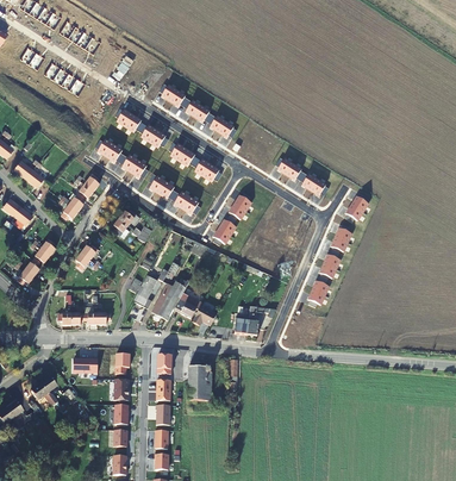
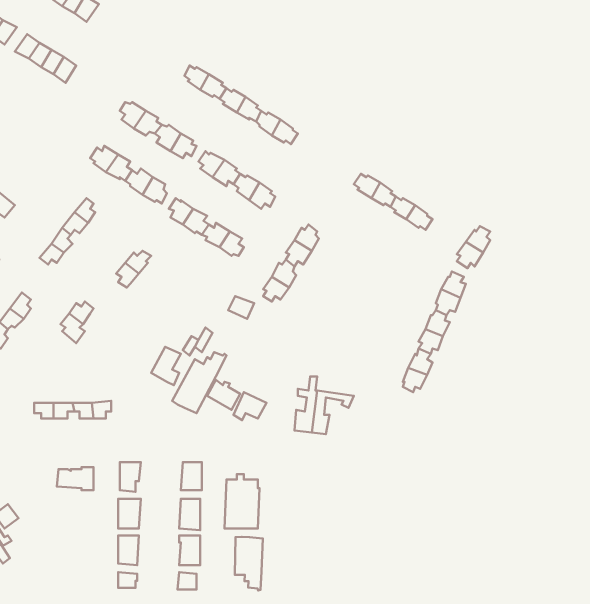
building: none -> [235,537,263,590]

